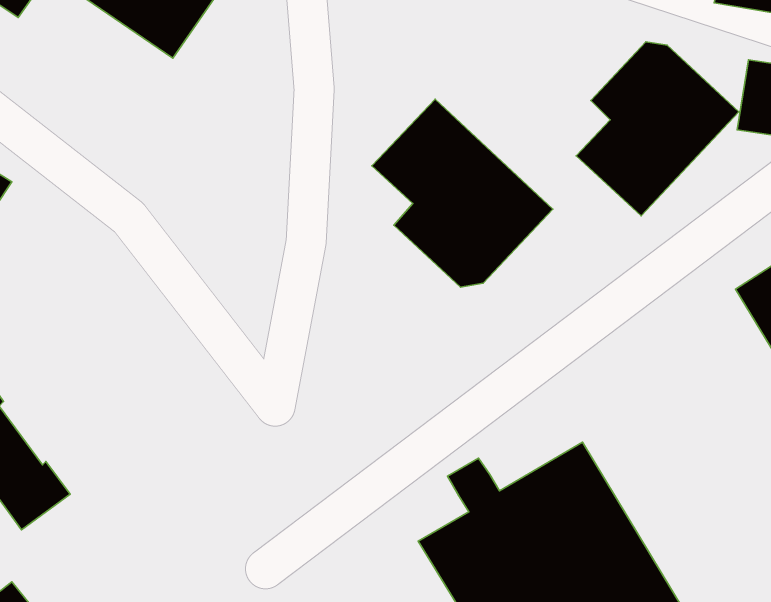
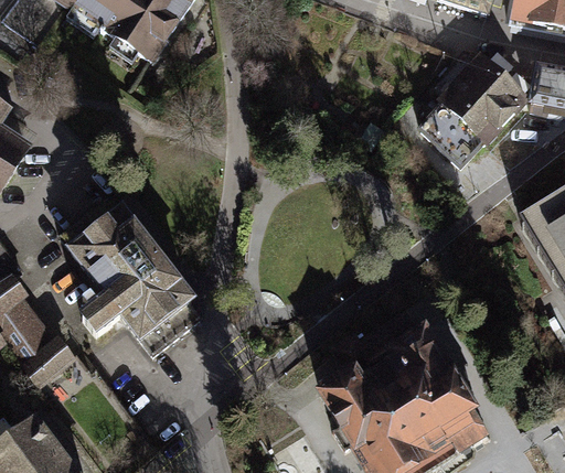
building: [372,99,553,287] -> none
building: none -> [60,195,204,356]

